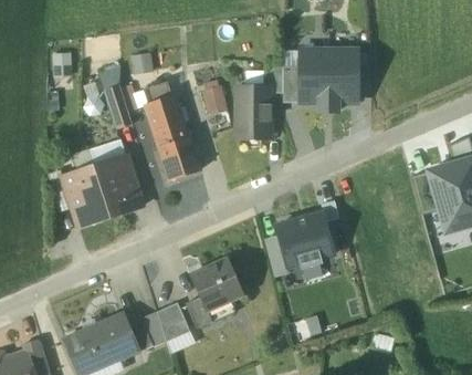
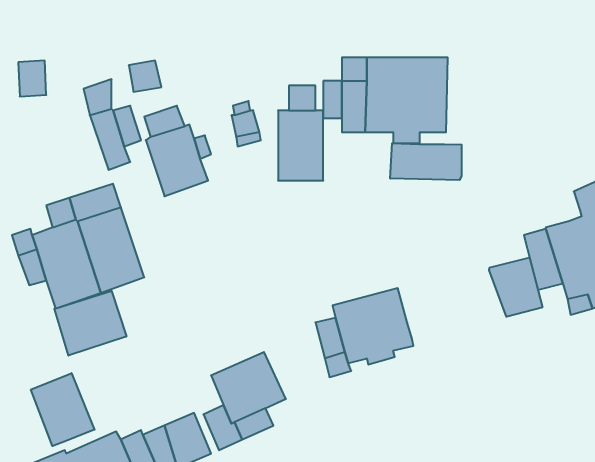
building: none -> [390,143,462,180]
building: [157,137,201,181] -> none
building: none -> [489,257,542,317]
building: none -> [54,291,126,356]
building: none -> [31,373,95,446]

